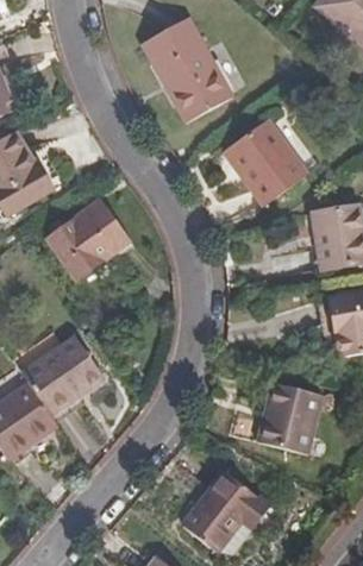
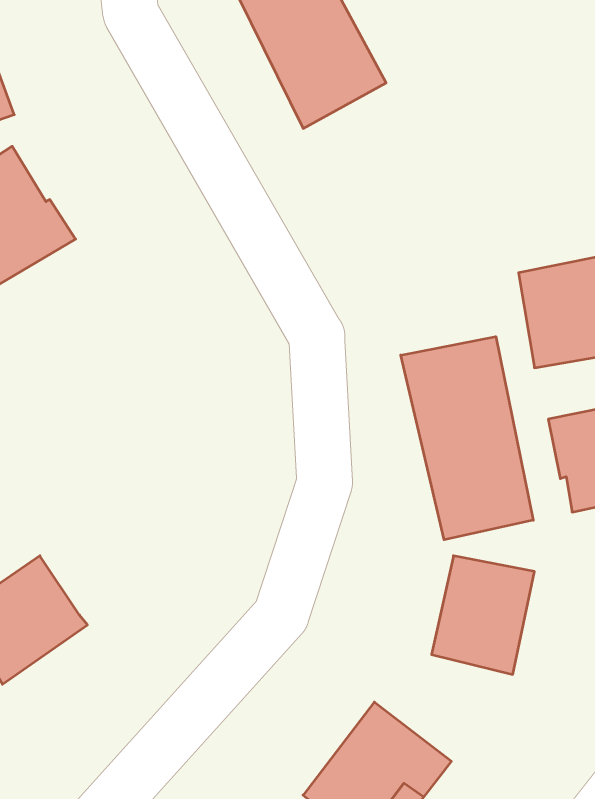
building: [226,118,308,201] -> none
building: [46,199,129,281] -> none
building: none -> [401,337,533,540]
building: [20,337,100,415] -> none

